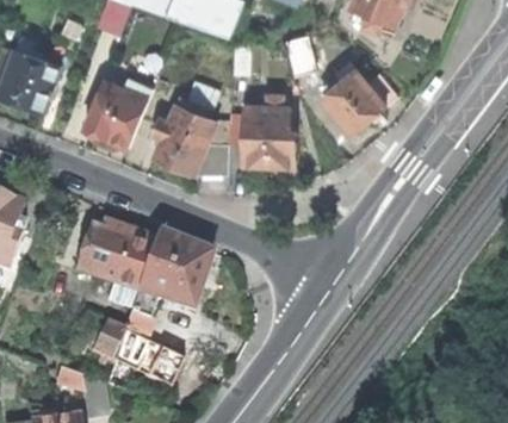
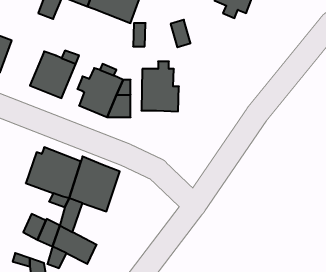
building: [320,61,398,133] -> none

